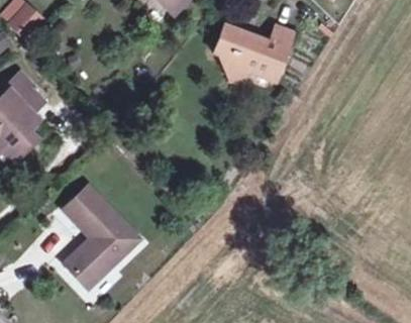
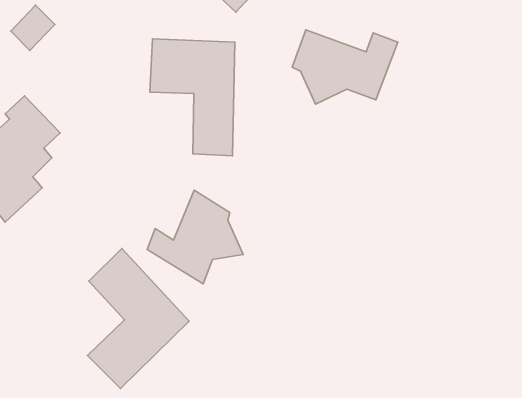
building: none -> [150,39,235,156]
building: none -> [147,190,243,284]

